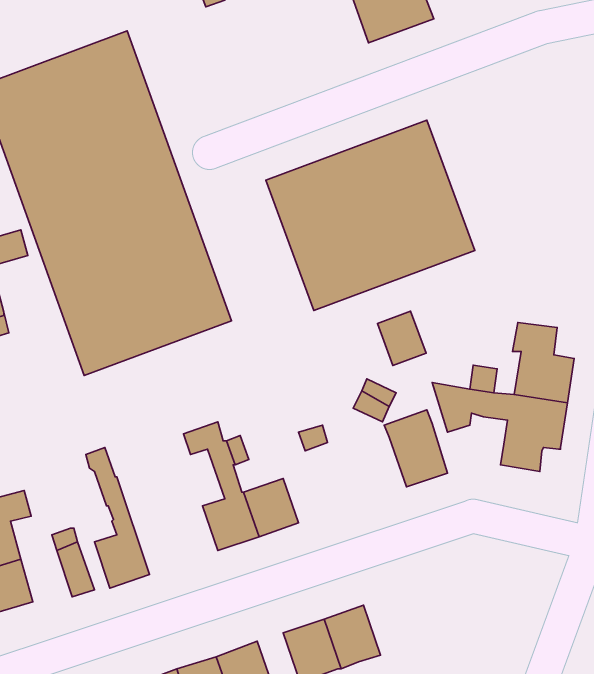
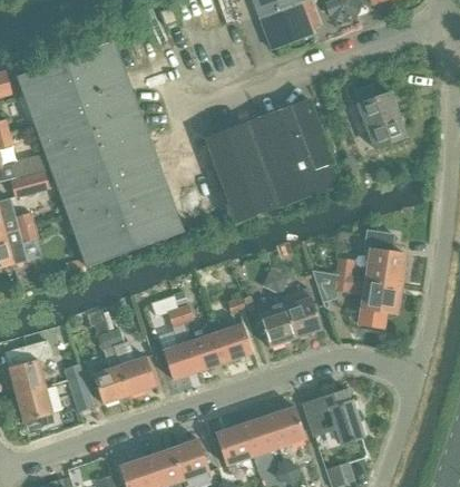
building: none -> [354,84,405,148]
building: [377,311,426,365] -> none
building: none -> [258,305,295,347]
building: none -> [215,323,252,361]
building: none -> [107,328,156,395]
building: none -> [303,388,364,444]
building: none -> [267,406,305,447]

